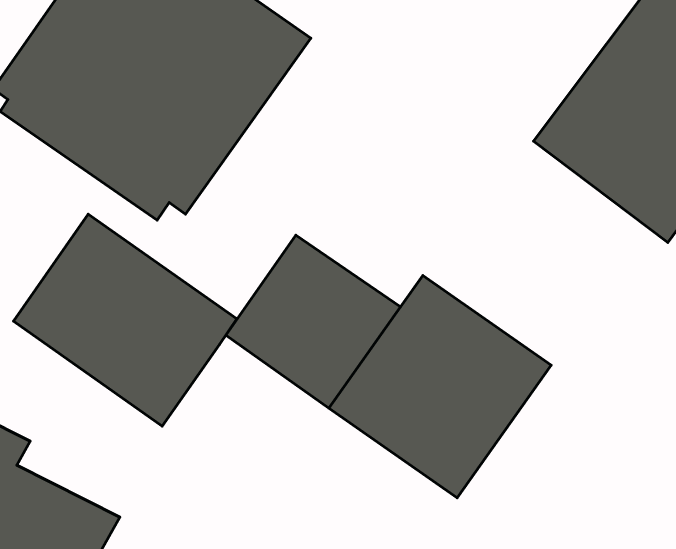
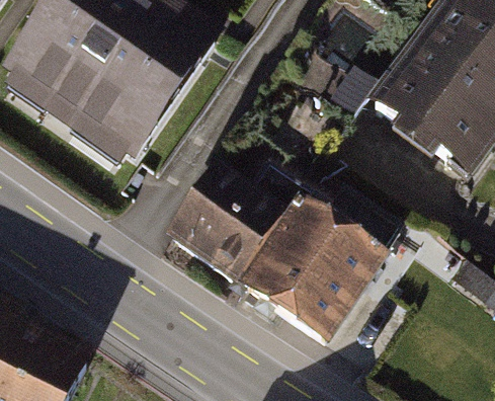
building: [13,214,237,426] -> none

